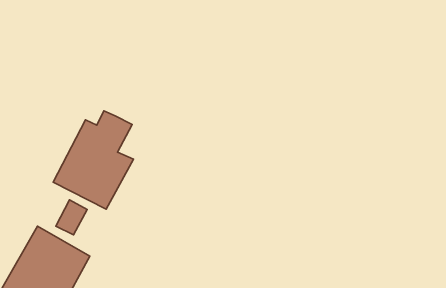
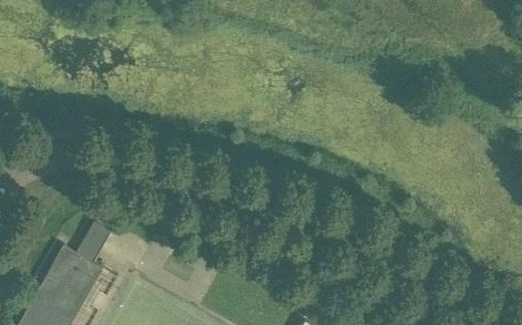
building: [53,111,133,209] -> none

